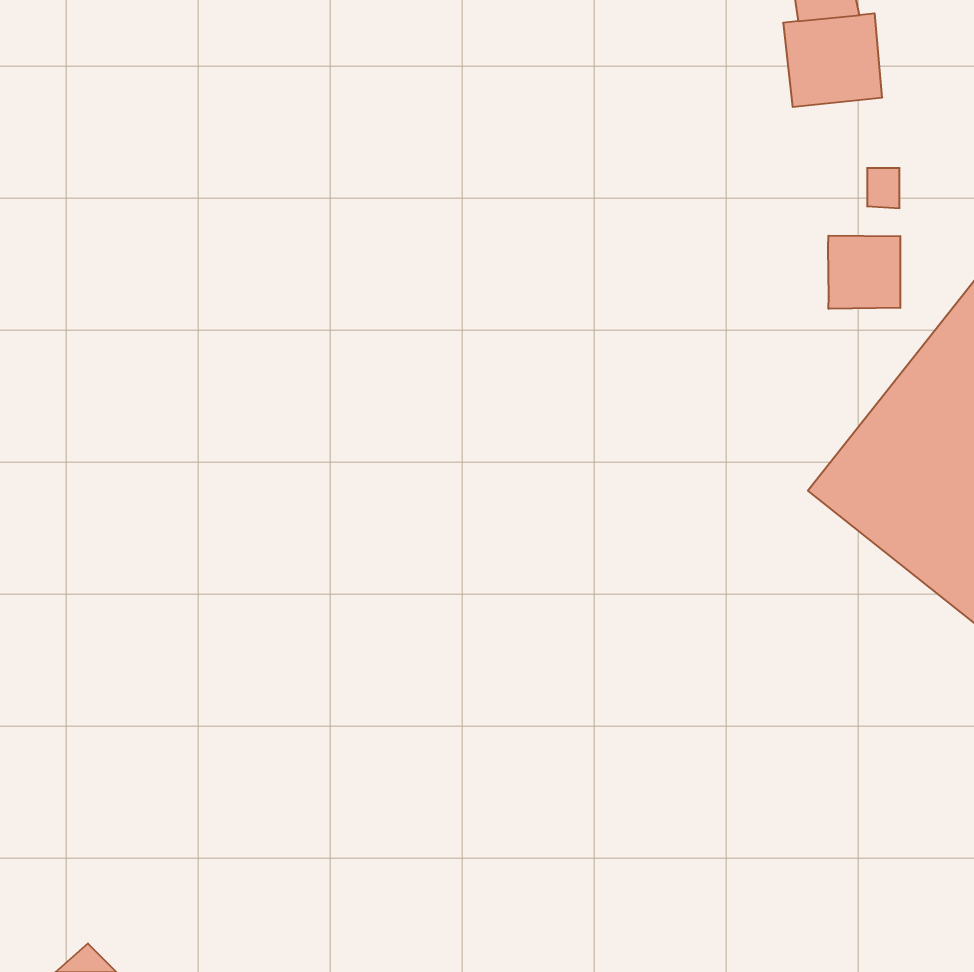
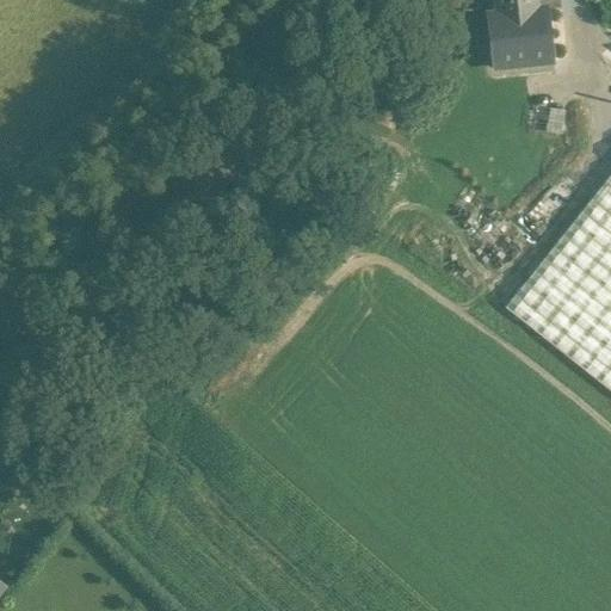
building: [828,236,900,309] -> none

